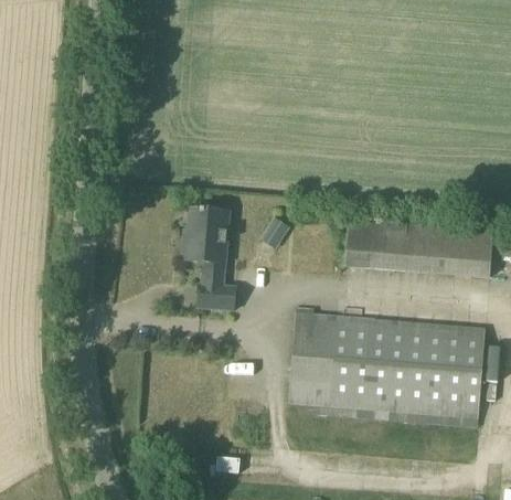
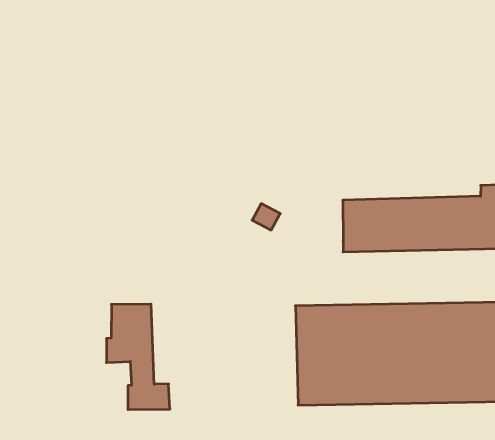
building: [181,208,236,309] -> [106,304,170,410]

